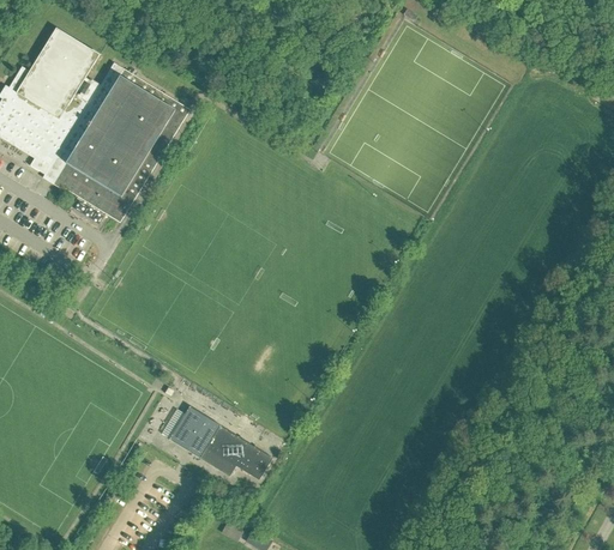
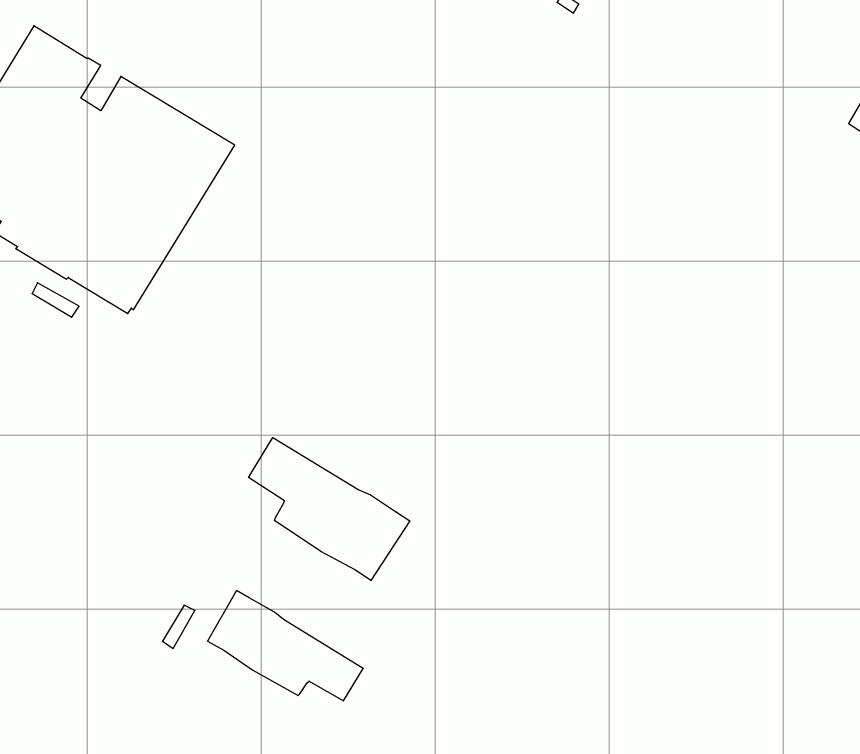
building: none -> [249,438,410,581]

